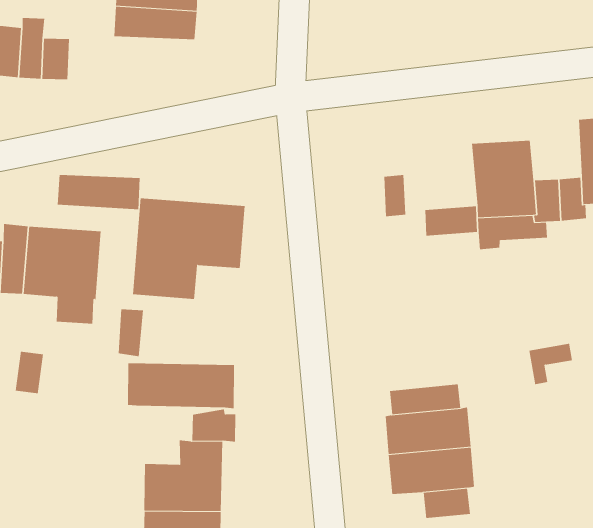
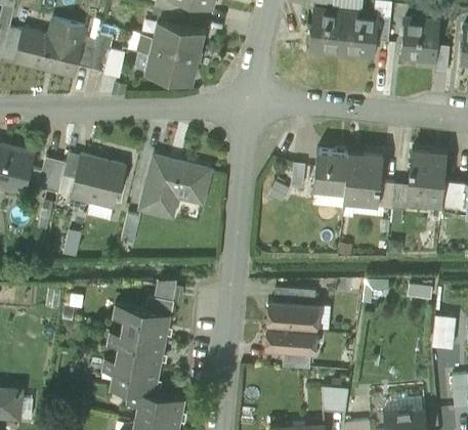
building: none -> [313,150,347,190]
building: [57,174,140,210] -> [146,55,198,84]
building: [128,363,235,409] -> none

